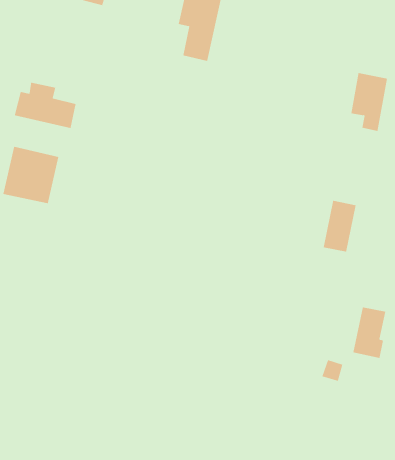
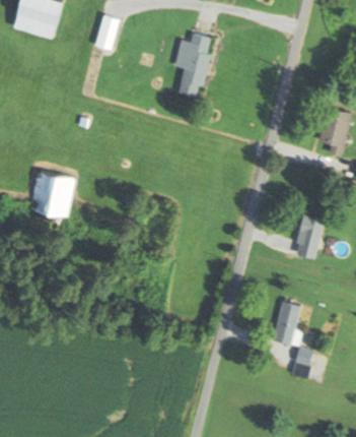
building: [14,82,76,129] -> none
building: [352,307,386,359] -> [272,303,300,347]

